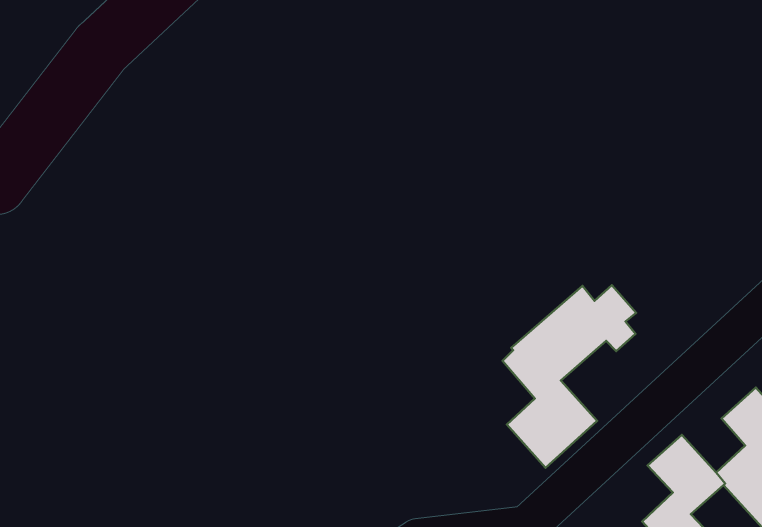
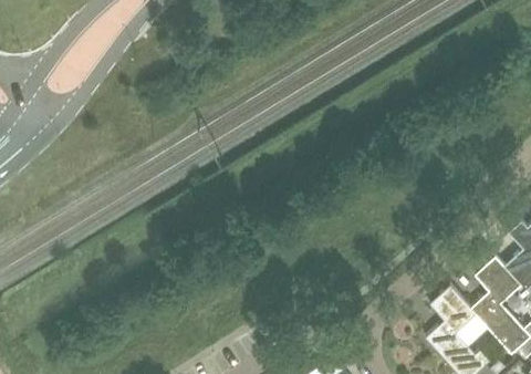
building: [502,285,636,468] -> none

